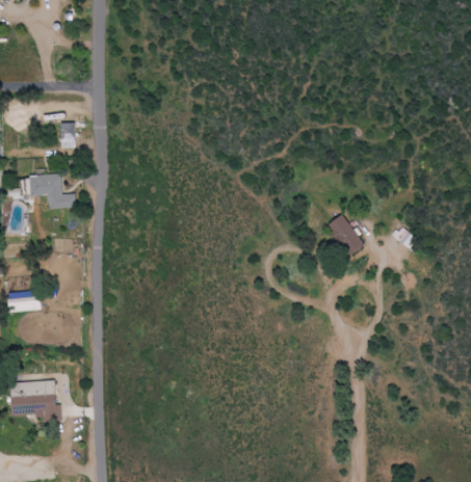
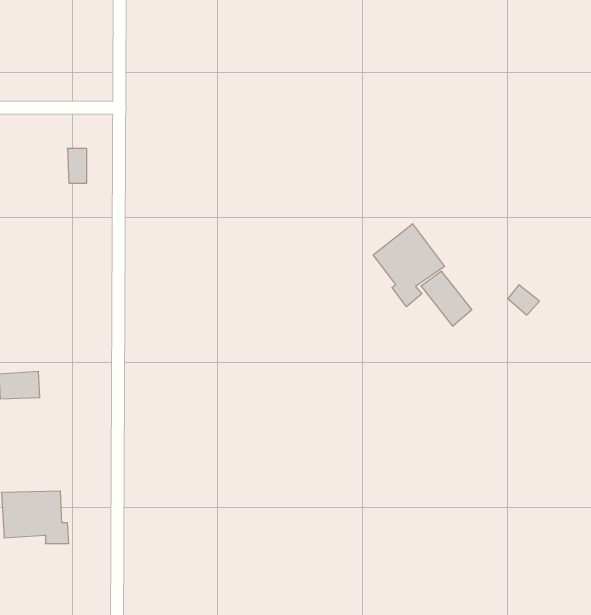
building: [20,175,75,208] -> none
building: none -> [373,224,444,307]

